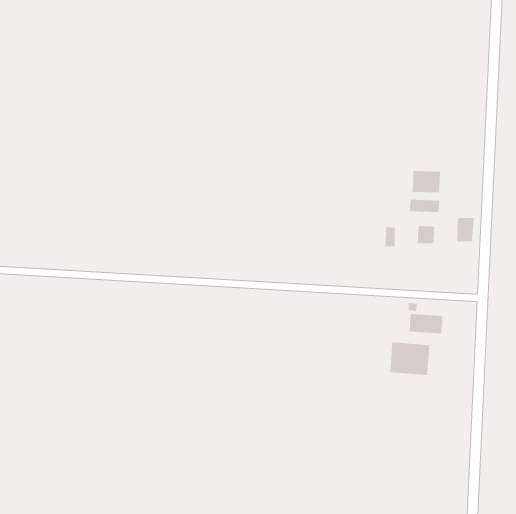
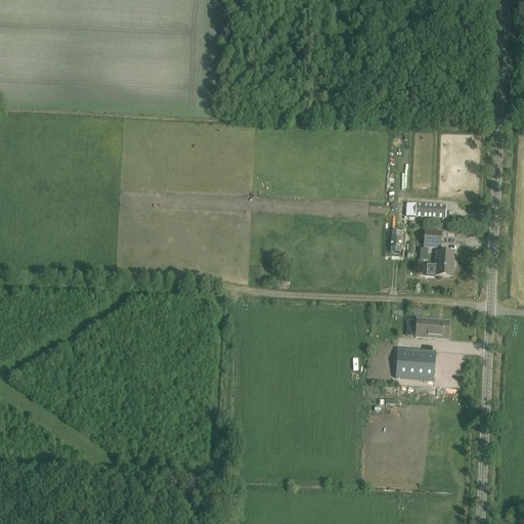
building: [412,170,440,193] -> none
building: [456,218,474,242] -> [434,250,452,274]

